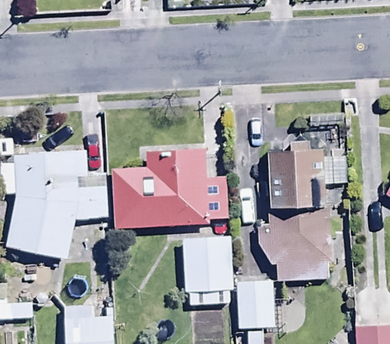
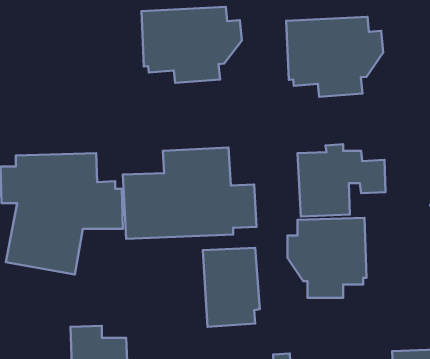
building: none -> [141,7,242,83]
building: none -> [286,17,383,97]
building: [236,281,274,329] -> none

